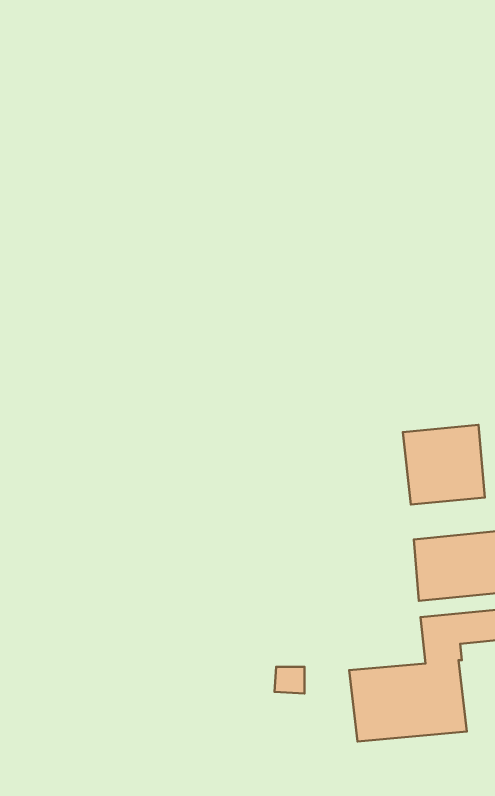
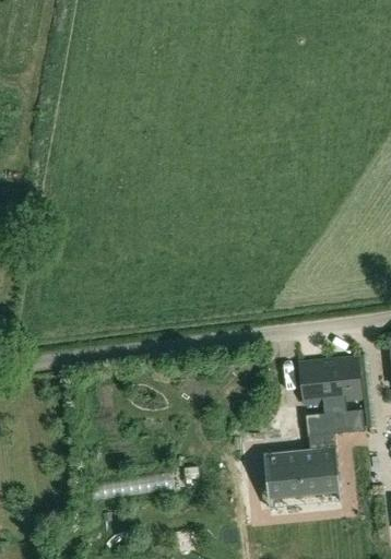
building: [403,425,485,504] -> none

